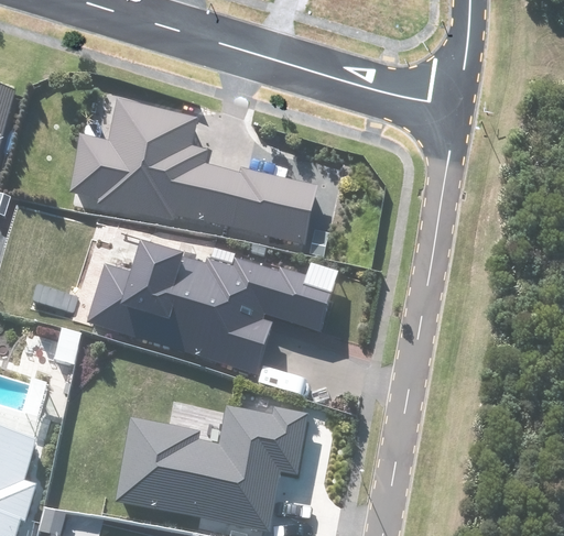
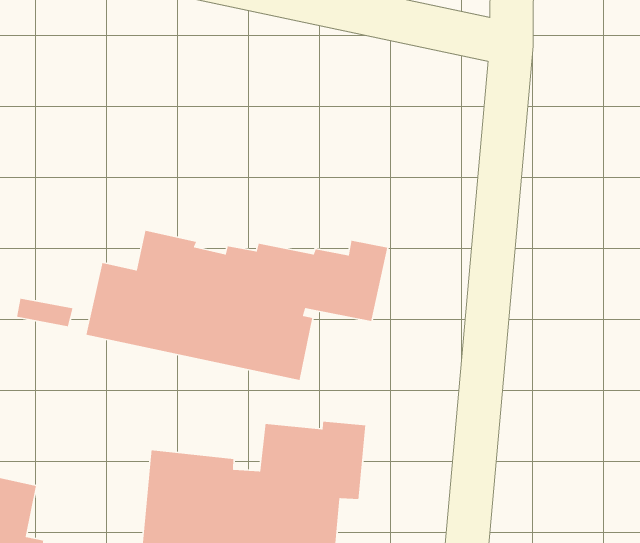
building: [66,100,317,244] -> none

